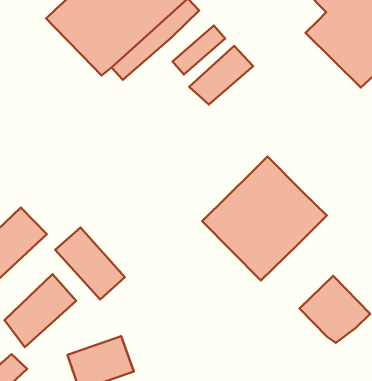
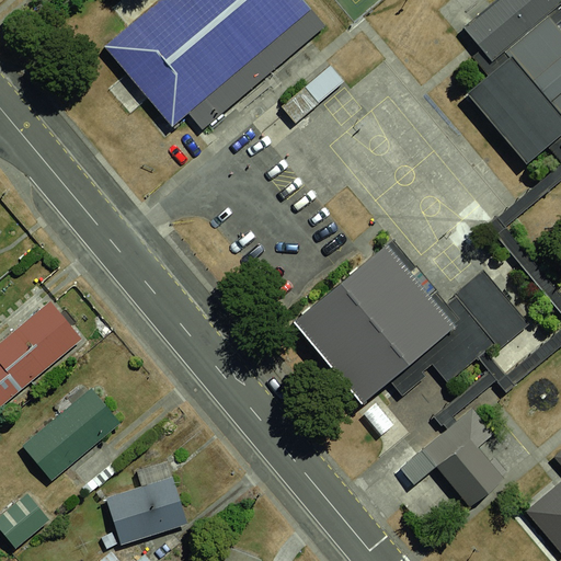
building: [189,46,253,104] -> none
building: none -> [425,265,522,381]
building: [55,228,125,300] -> none

